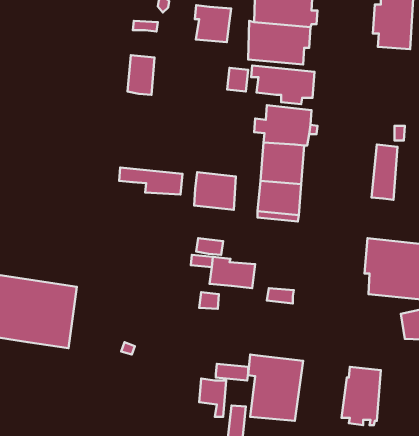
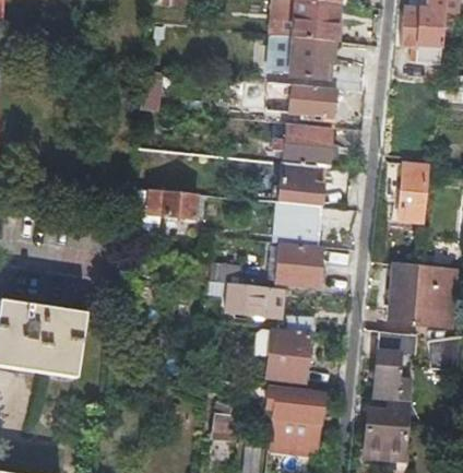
building: [195,5,231,42] -> none
building: [194,172,236,210] -> [277,245,321,284]
building: none -> [256,331,311,381]
building: none -> [372,331,417,402]

